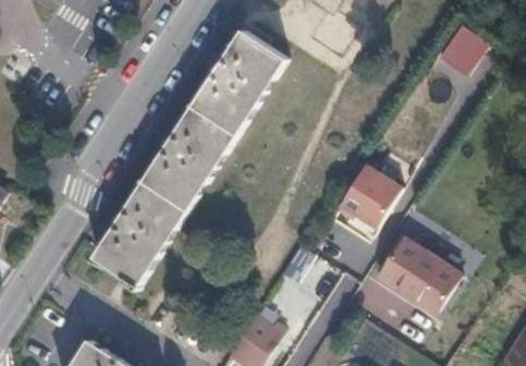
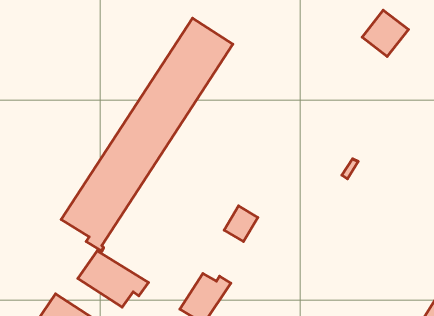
building: [331,157,399,227] -> none
building: [386,242,469,317] -> none
building: none -> [78,251,148,307]

